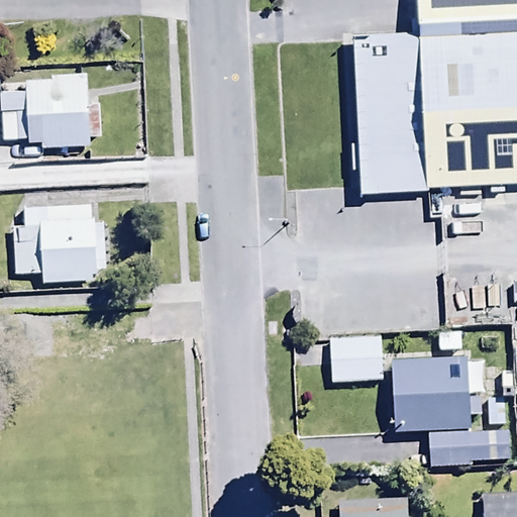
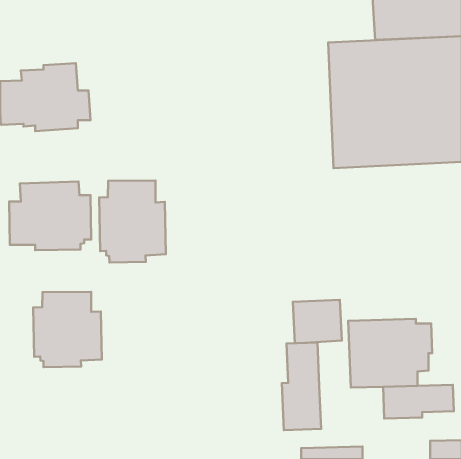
building: none -> [99,181,166,263]
building: none -> [33,292,102,367]
building: none -> [282,343,321,430]

